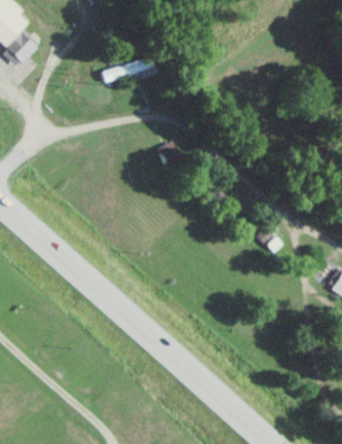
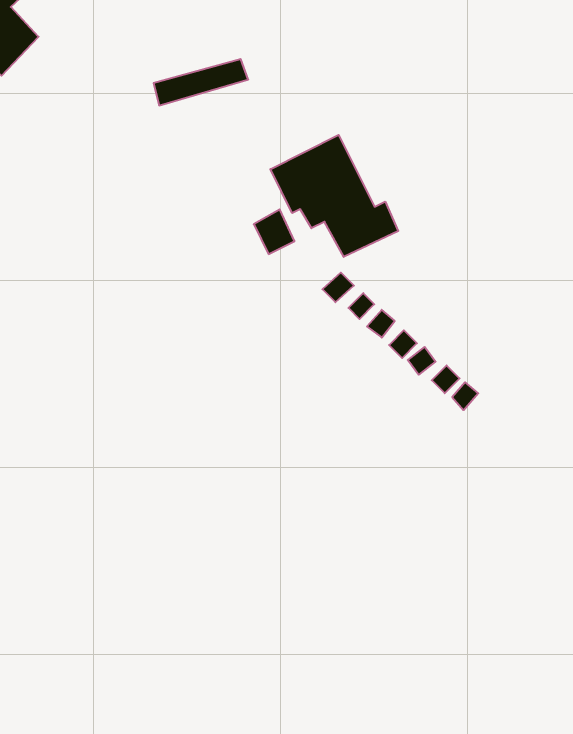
building: none -> [270,135,398,257]

